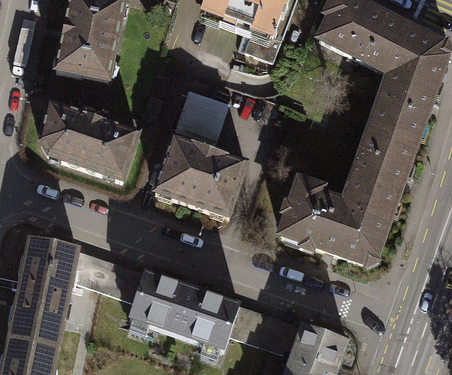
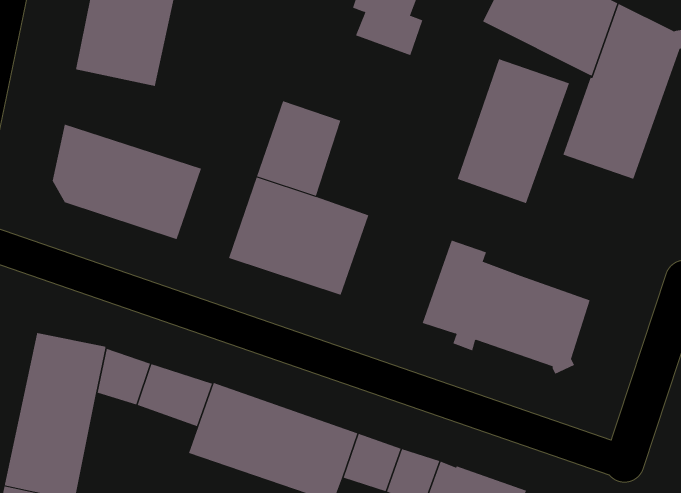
building: [343,123,416,217] -> [457,58,570,204]

